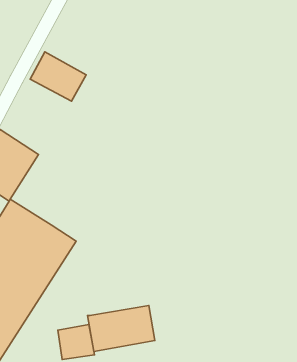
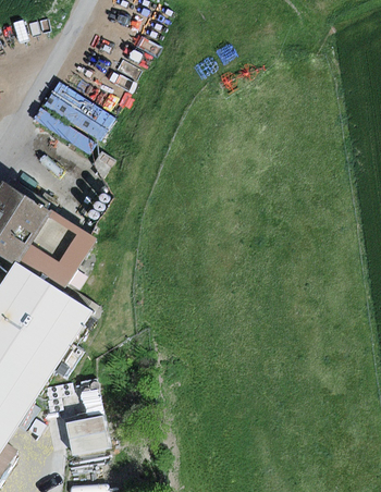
building: none -> [14,209,97,293]
building: [87,305,155,352] -> none

